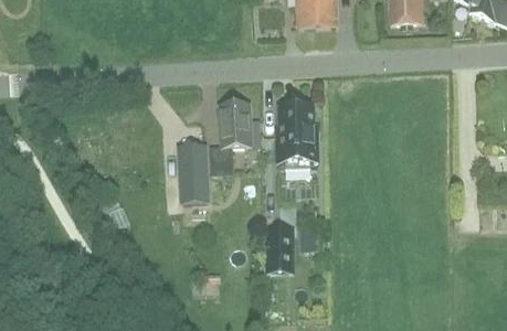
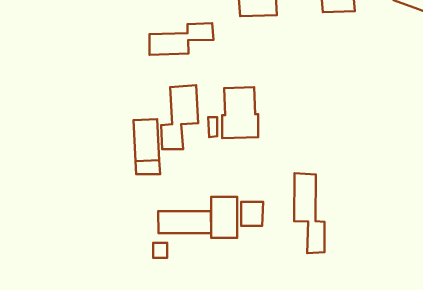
building: none -> [150,23,214,55]
building: none -> [294,173,324,253]
building: none -> [158,211,211,233]

